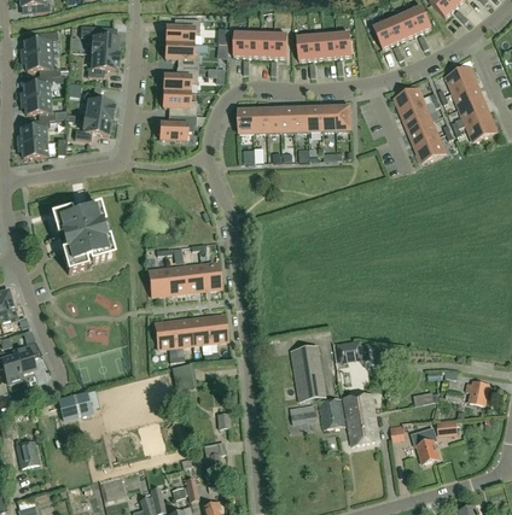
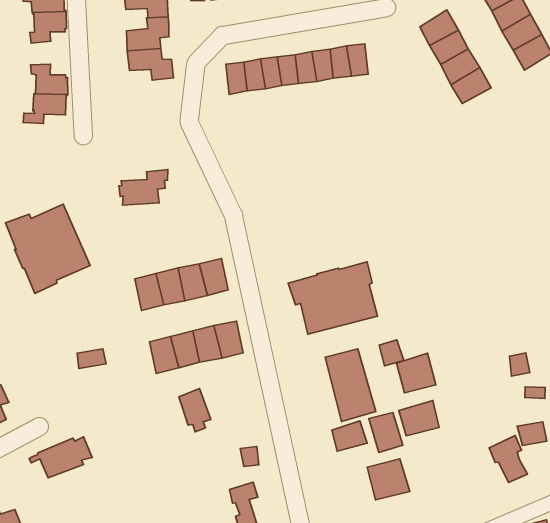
building: [157,115,197,140] -> [119,169,168,205]
building: none -> [288,262,378,334]
building: [348,412,379,443] -> [367,459,410,500]

